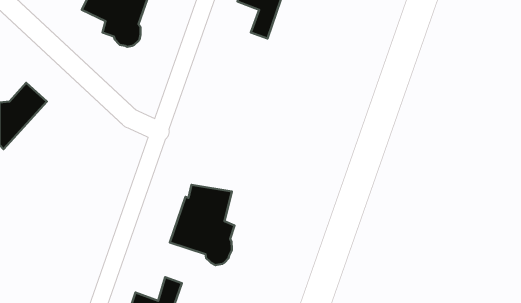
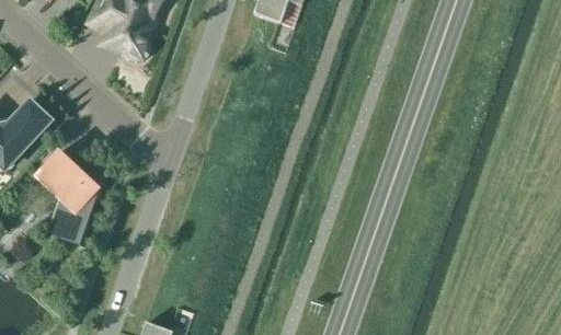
building: none -> [35,149,108,244]
building: [170,185,234,265] -> none

